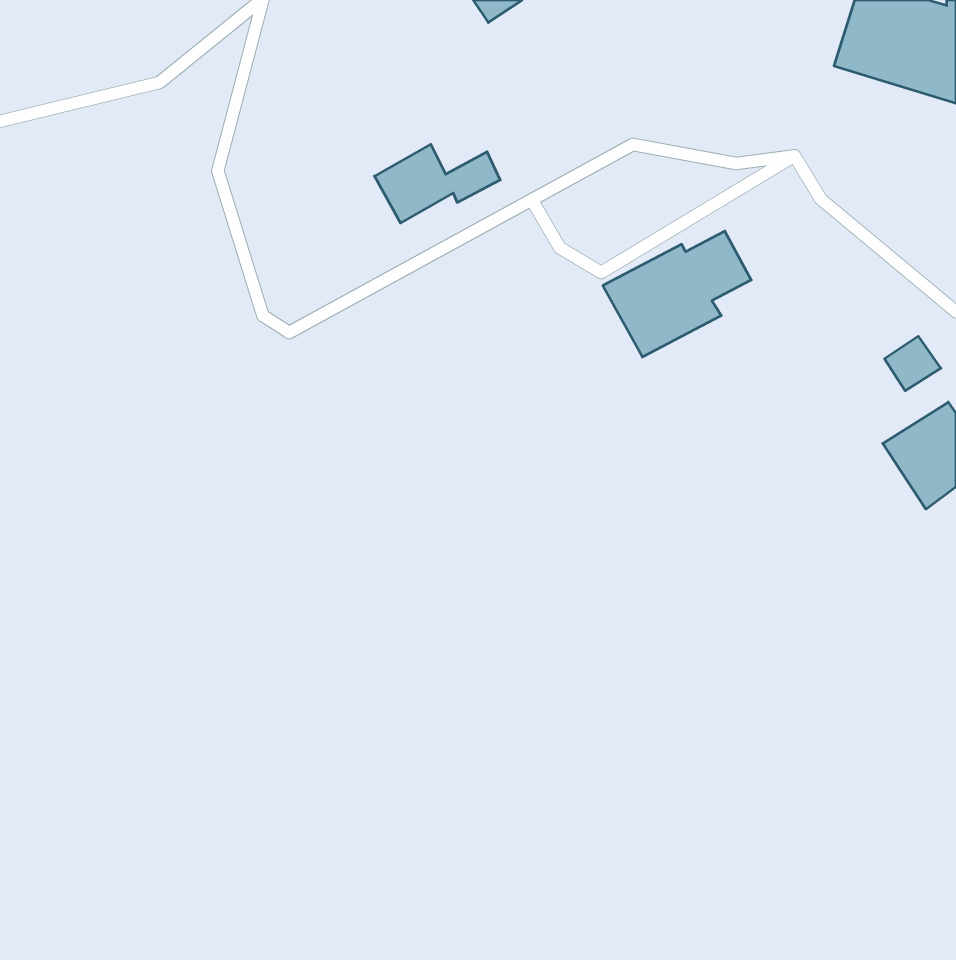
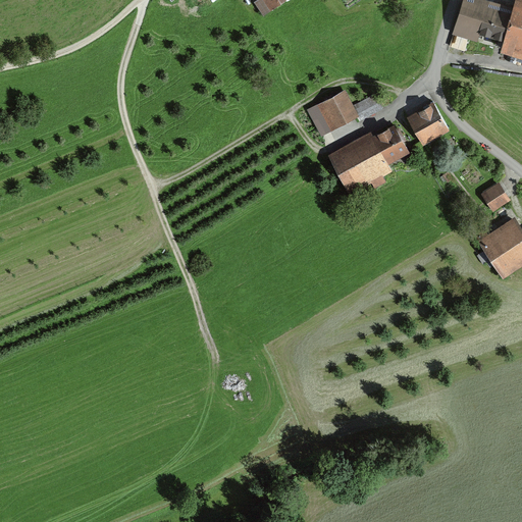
building: [374,144,500,223] -> [313,89,381,132]
building: none -> [409,103,450,145]

